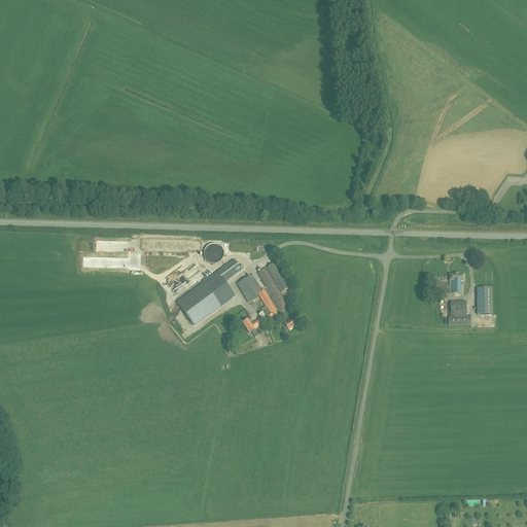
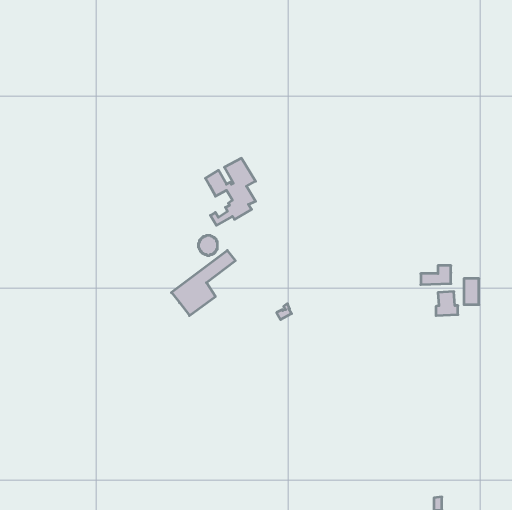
building: [238,261,289,330] -> [205,158,256,225]

